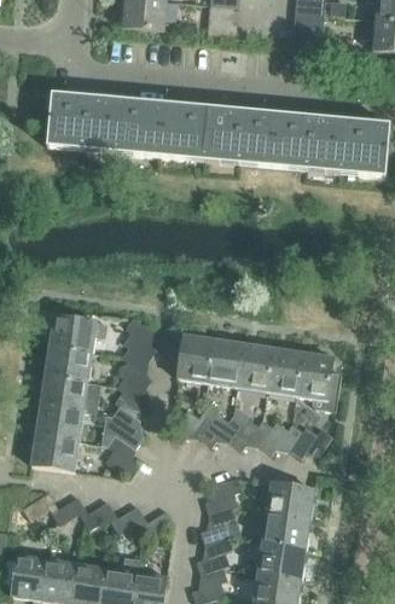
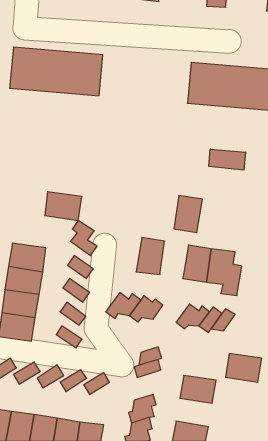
building: [159,105,277,167] -> none
building: none -> [209,149,246,170]
building: [50,314,97,350] -> [45,192,82,220]
building: [176,332,214,381] -> none
building: [237,342,273,389] -> [174,196,202,233]
building: [228,417,271,448] -> none
building: [267,482,313,518] -> [226,354,262,382]
building: [199,507,236,544] -> none
building: [257,541,303,577] -> none

